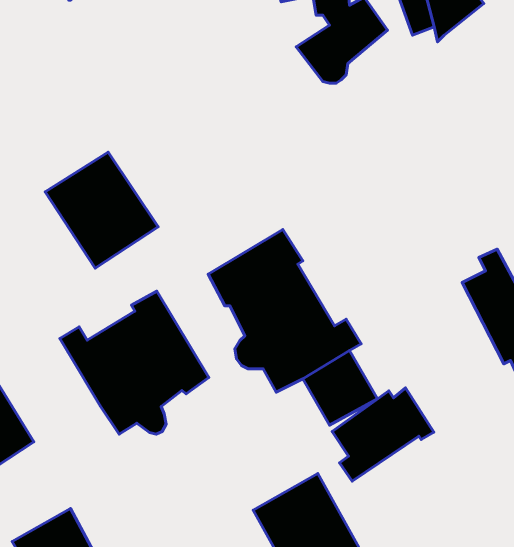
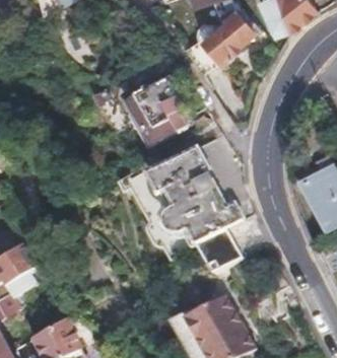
building: [45,152,158,268] -> [122,73,191,144]
building: [60,291,209,434] -> none
building: [332,388,434,481] -> none

